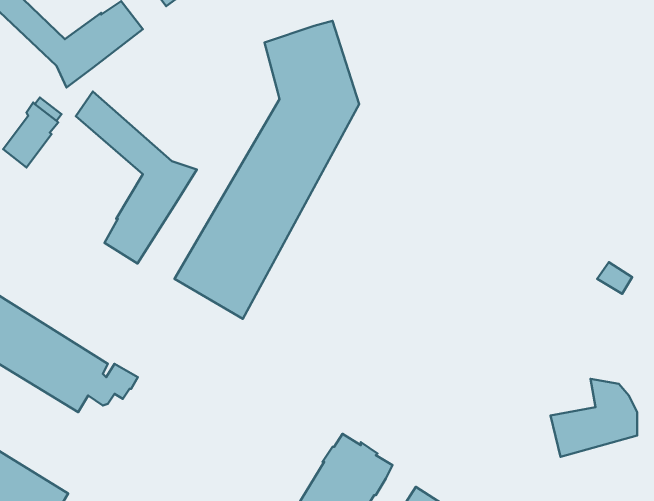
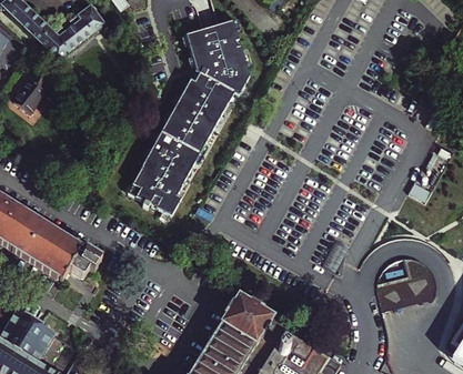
building: [76,92,197,263] -> none

